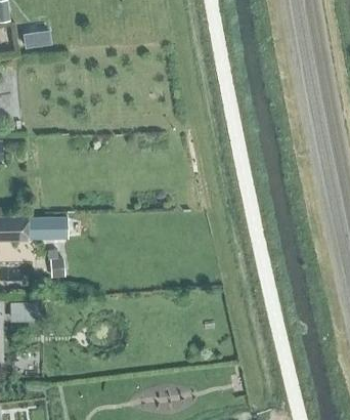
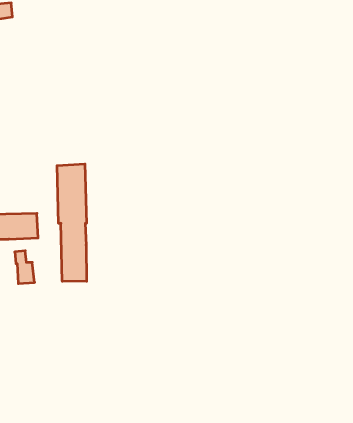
building: none -> [57,164,87,281]

